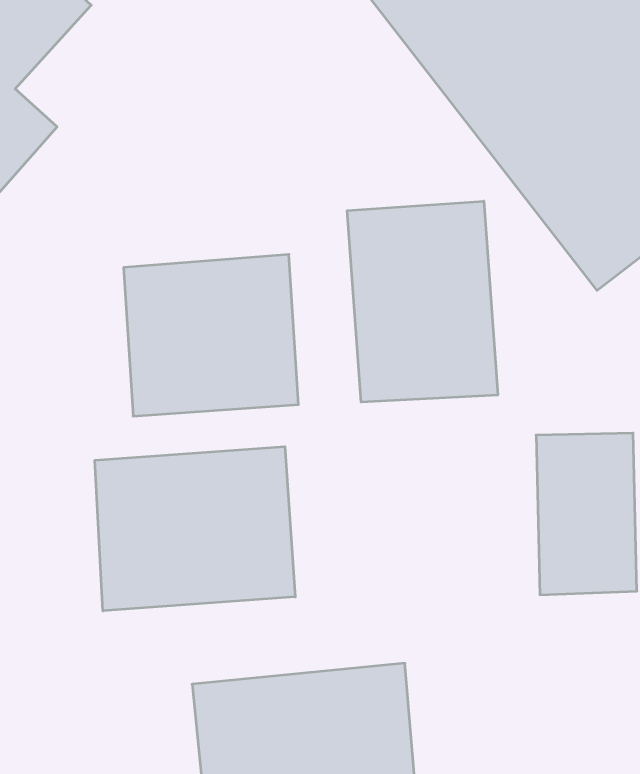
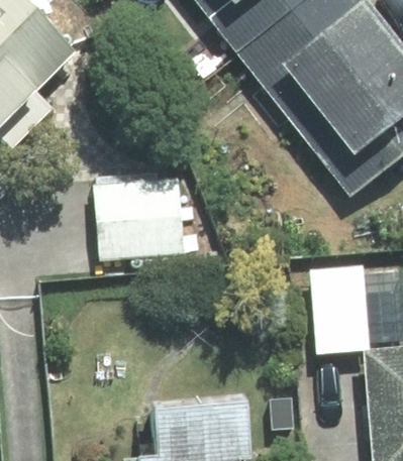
building: [347,201,498,402] -> none
building: [95,447,295,611] -> none

